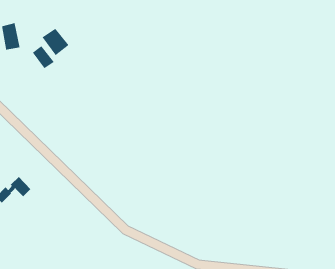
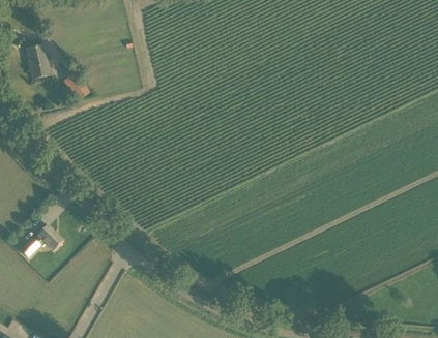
building: [42,28,69,56] -> none

